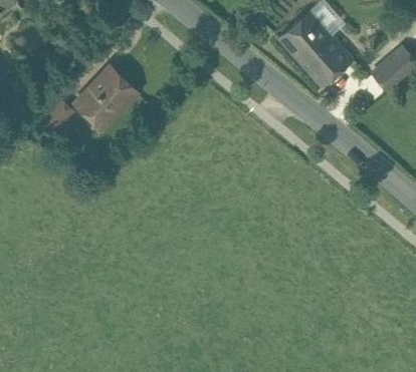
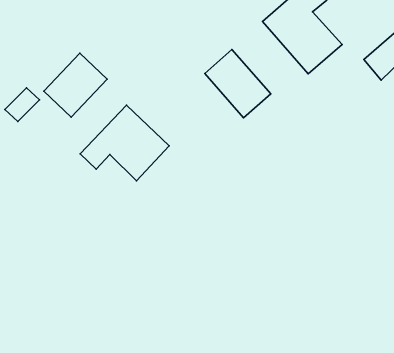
building: none -> [205,49,271,118]
building: none -> [80,105,169,181]

